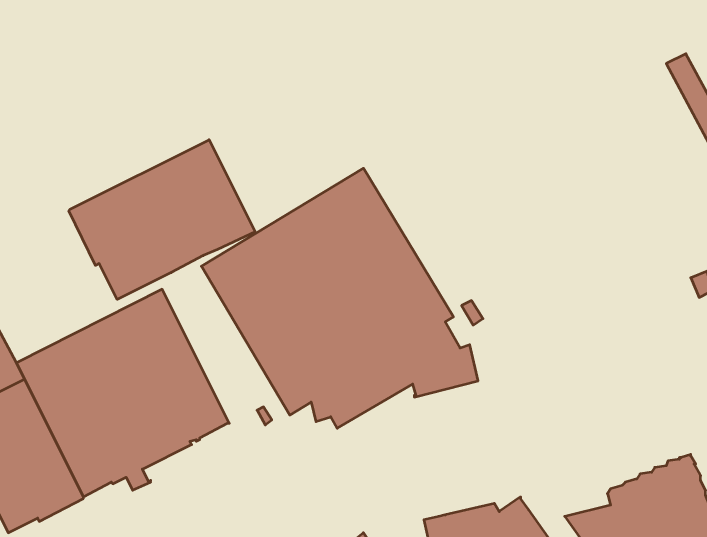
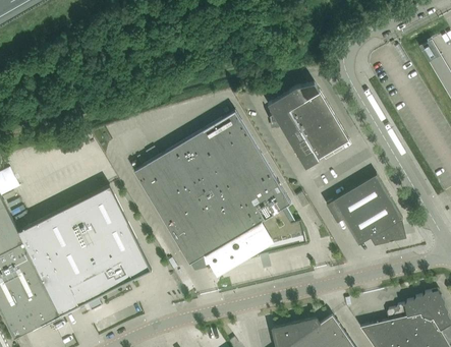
building: none -> [268,84,349,168]
building: [69,140,255,299] -> none
building: none -> [327,175,406,245]

